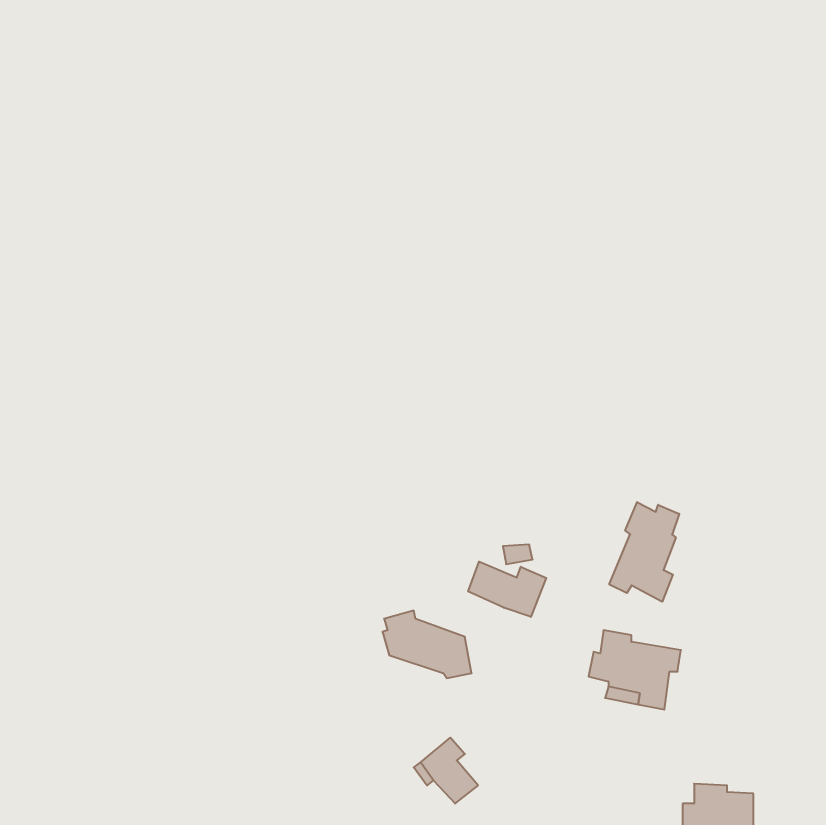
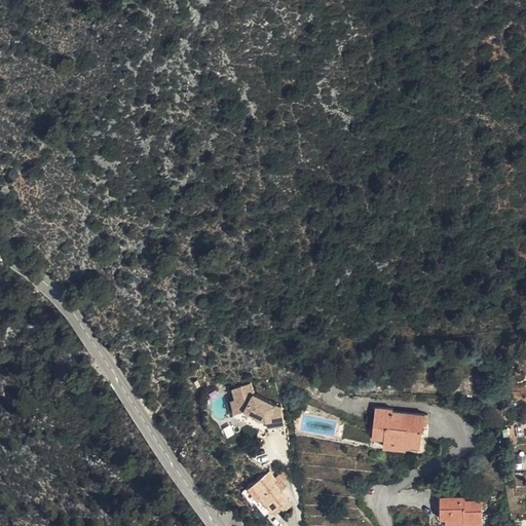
building: [609,502,679,602] -> none
building: [468,562,546,617] -> none

